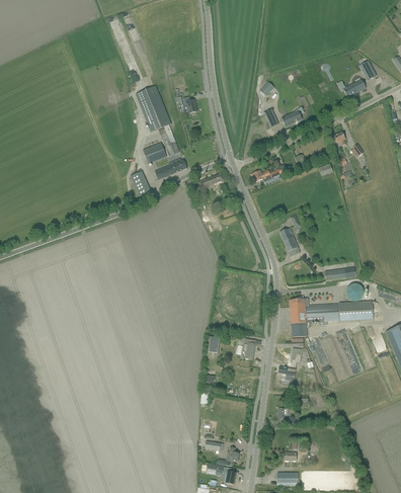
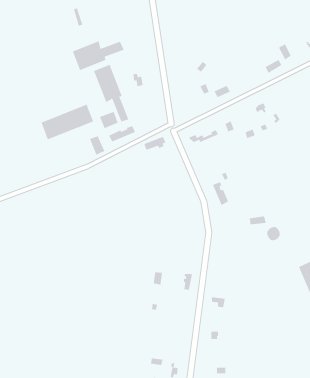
building: none -> [72,41,124,71]
building: none -> [41,104,94,140]
building: [290,297,373,336] -> none

